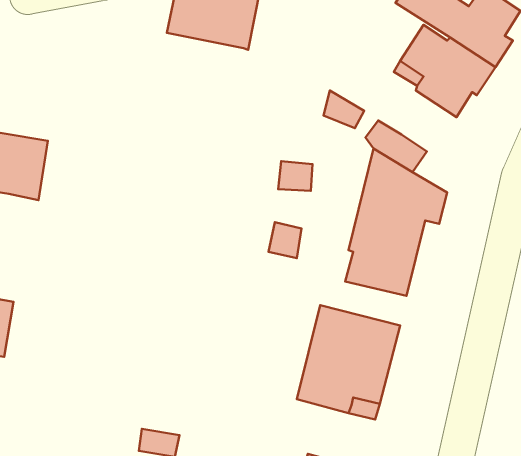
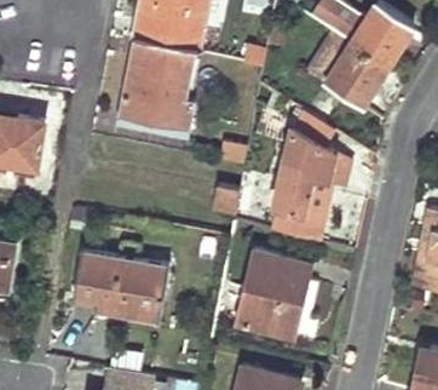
building: none -> [119,40,194,132]
building: none -> [74,251,169,322]

